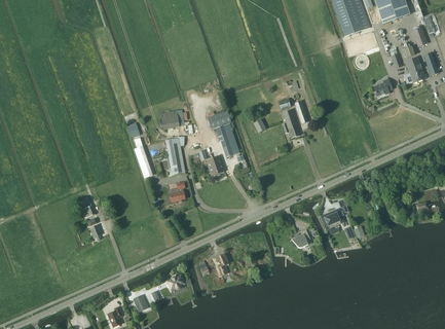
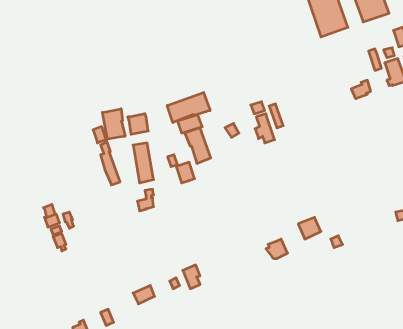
building: none -> [167,92,210,123]
building: none -> [102,109,125,139]

